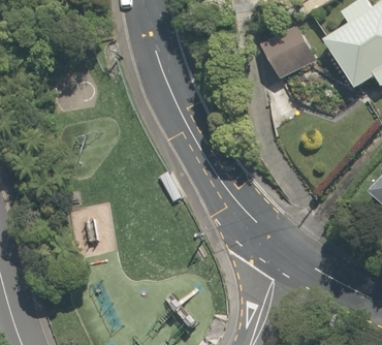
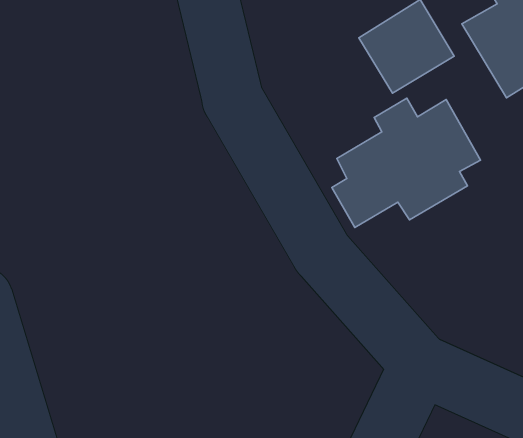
building: none -> [332,98,480,227]

